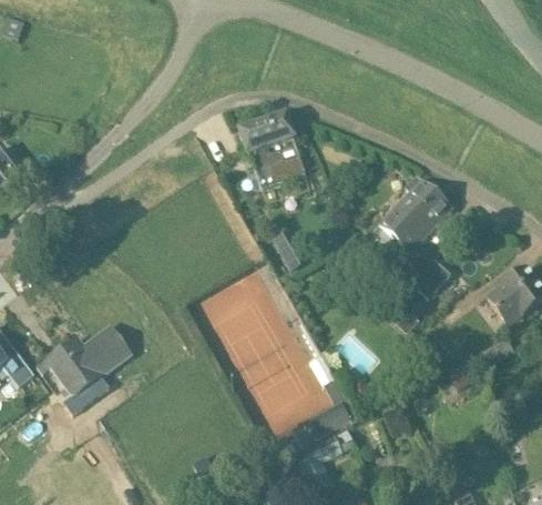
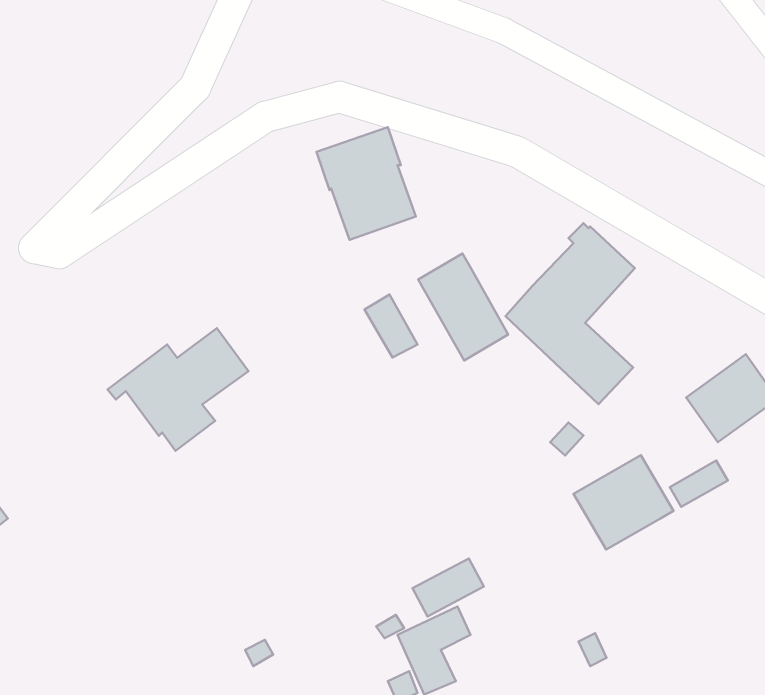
building: none -> [418,254,508,360]
building: [38,324,132,406] -> [107,328,248,451]
building: none -> [573,455,674,550]

